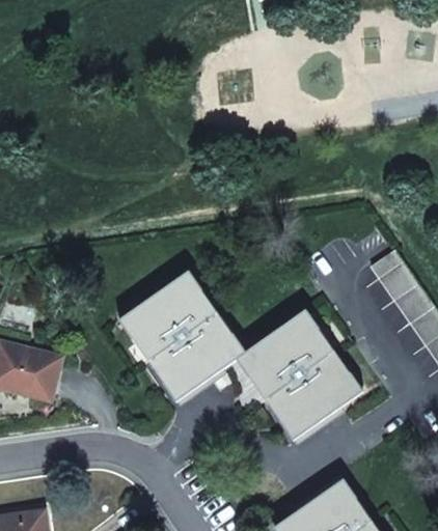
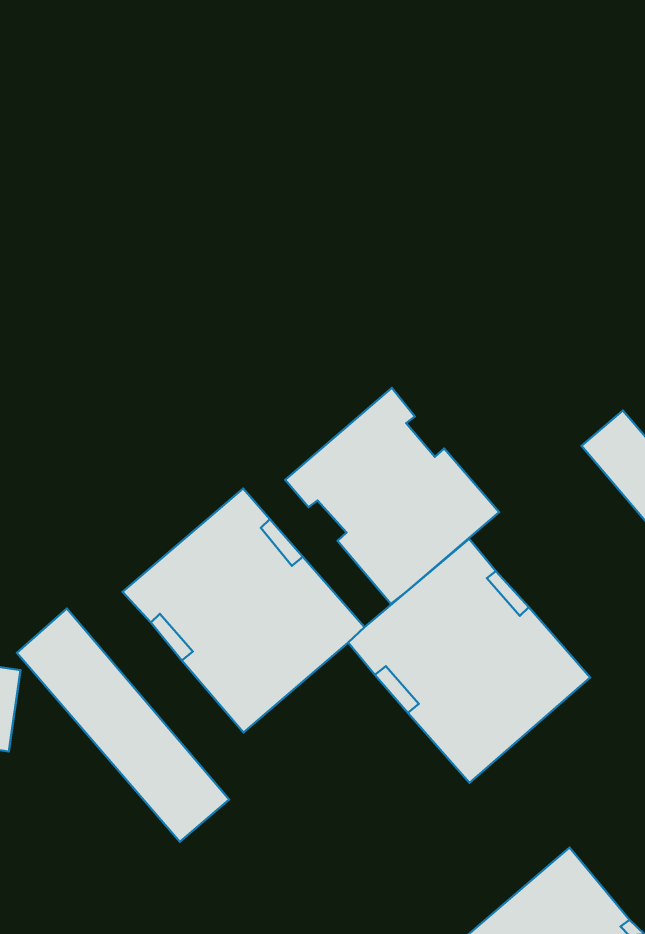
building: none -> [285,388,499,604]
building: none -> [17,609,229,842]

